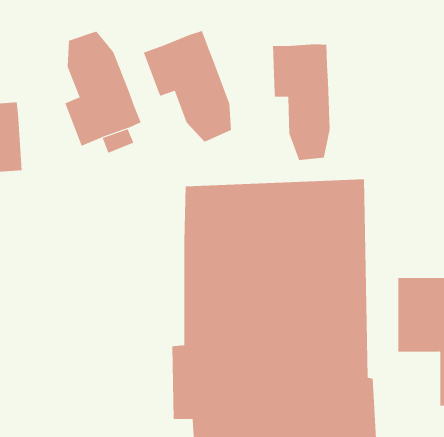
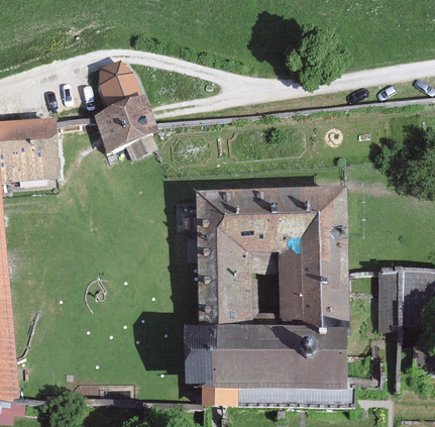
building: [143,30,232,142] -> none
building: [273,44,330,161] -> none

